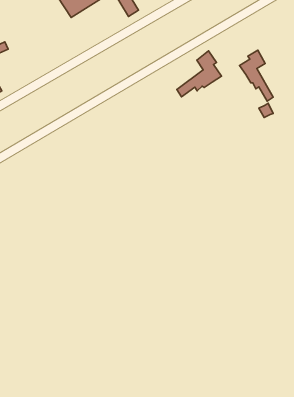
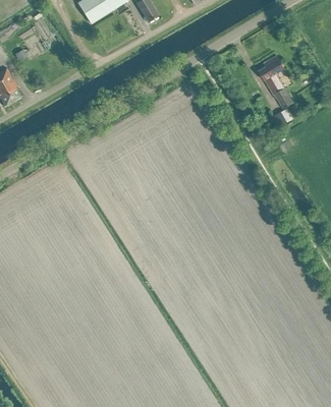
building: [177,51,222,97] -> none

